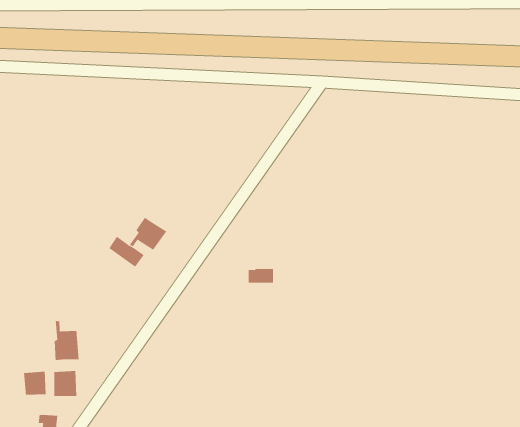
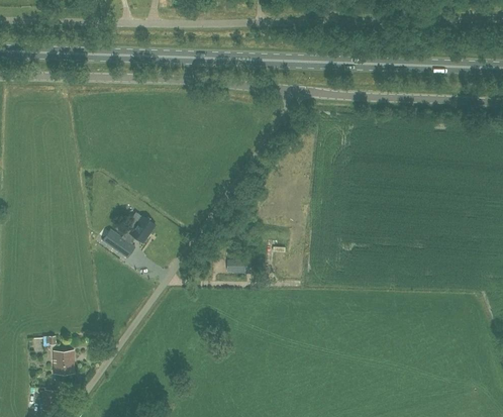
building: [54,320,79,361] -> none
building: [24,371,46,396] -> none

